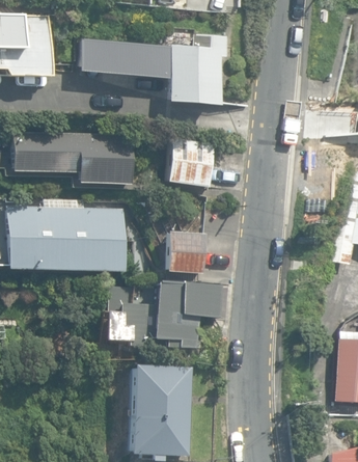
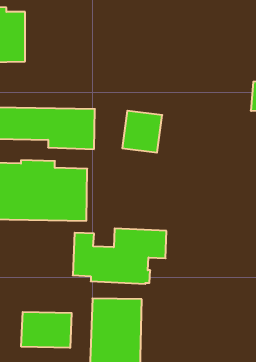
building: [80,30,228,105] -> none
building: [166,232,206,272] -> none
building: none -> [21,312,72,348]

